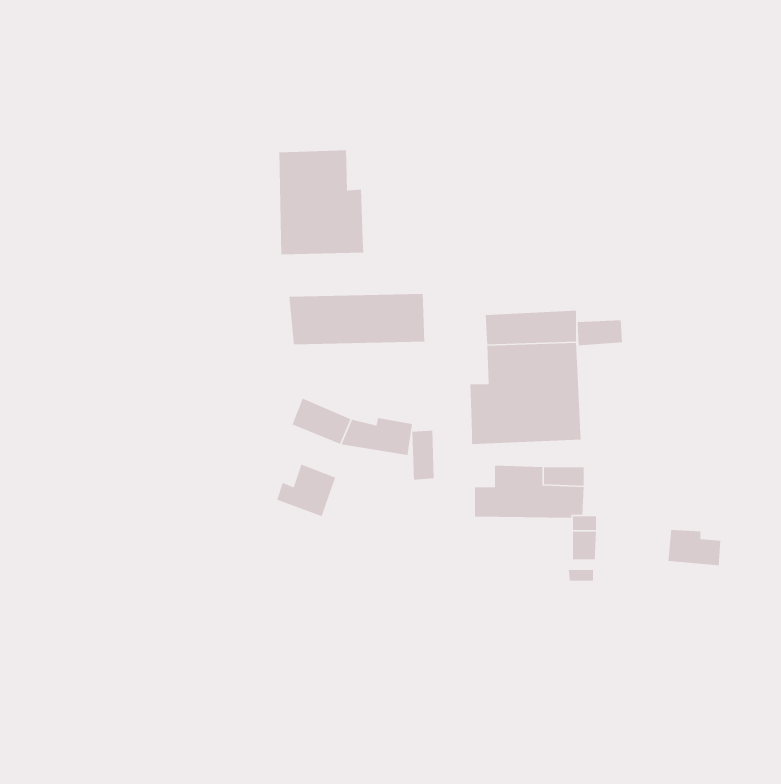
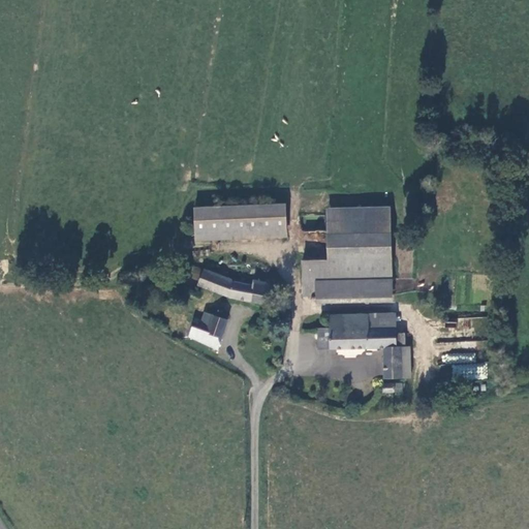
building: [279,149,364,255] -> none
building: [577,319,623,346] -> none
building: [412,430,435,480] -> [302,258,317,292]

